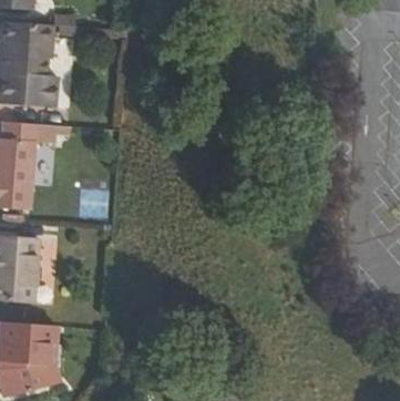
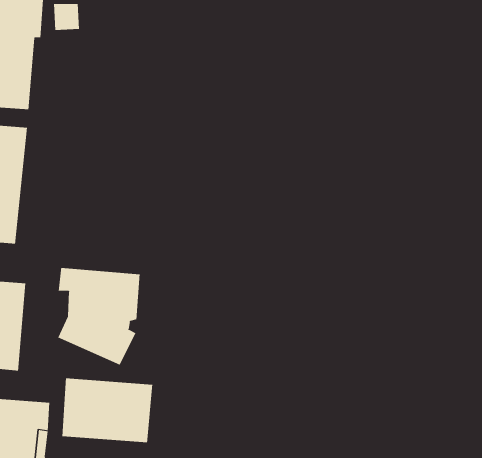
building: none -> [58,267,140,365]
building: none -> [62,377,153,443]

